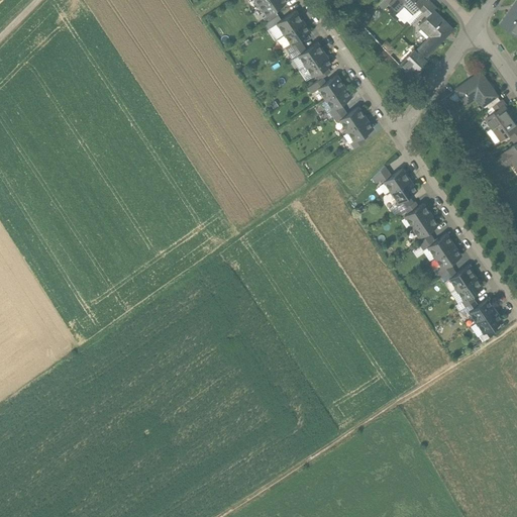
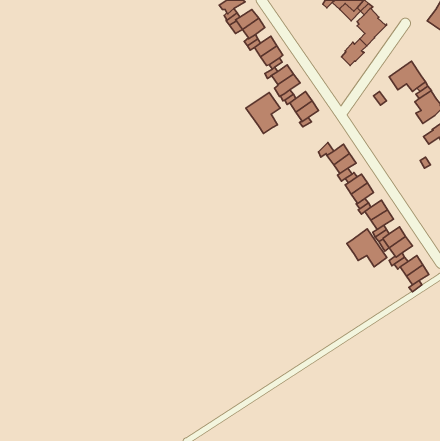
building: none -> [246,92,280,134]
building: none -> [347,229,387,267]

